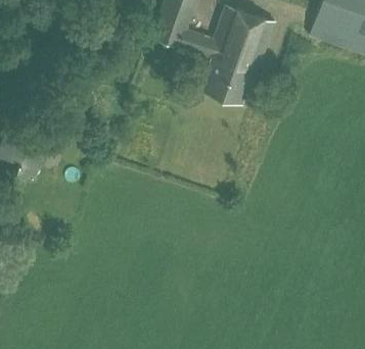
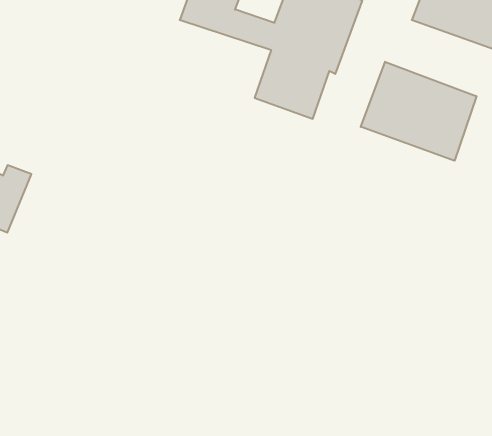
building: none -> [361,62,476,161]

